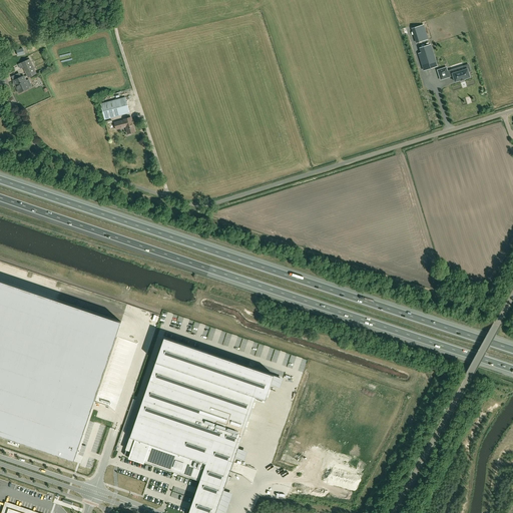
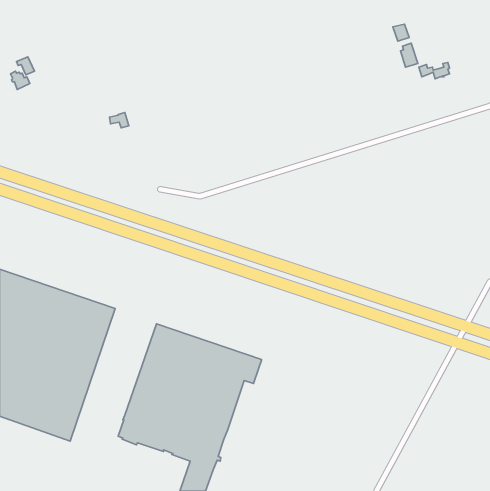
building: [100,97,128,119] -> none

